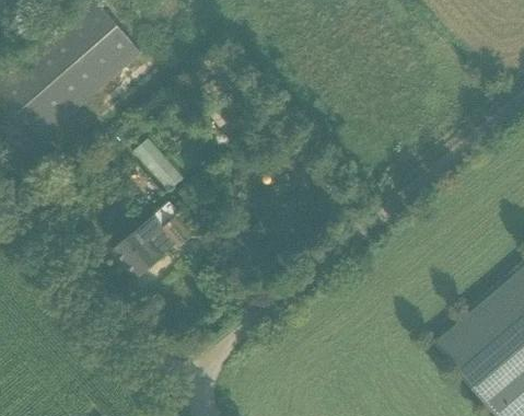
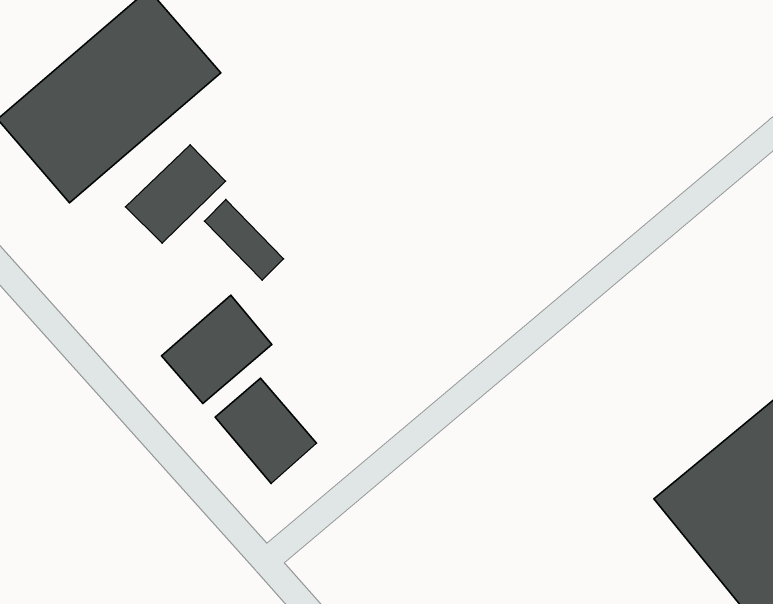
building: none -> [125,145,226,243]
building: none -> [215,378,317,484]

